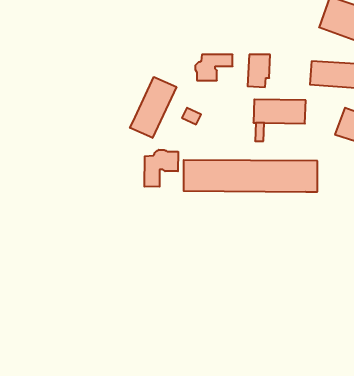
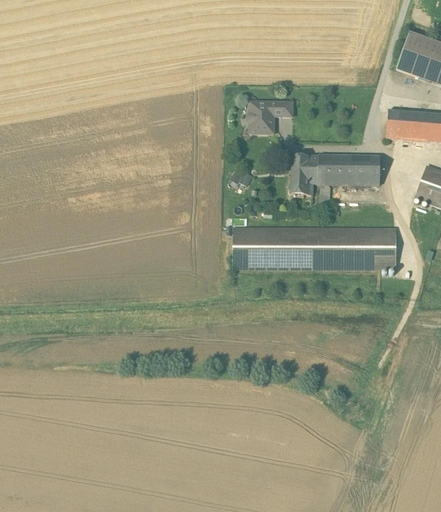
building: [248,55,270,87] -> [292,155,319,194]
building: [130,77,176,138] -> none
building: [144,150,178,187] -> none

